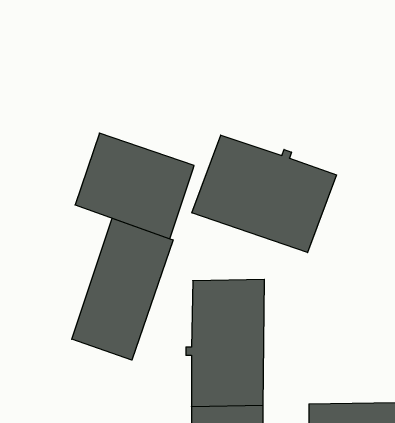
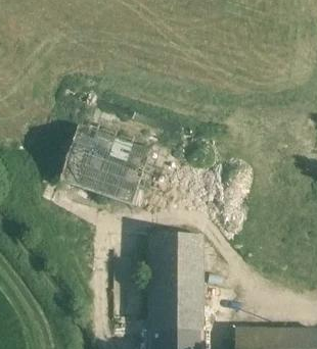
building: [192,135,336,253] -> none
building: [72,218,173,360] -> none

